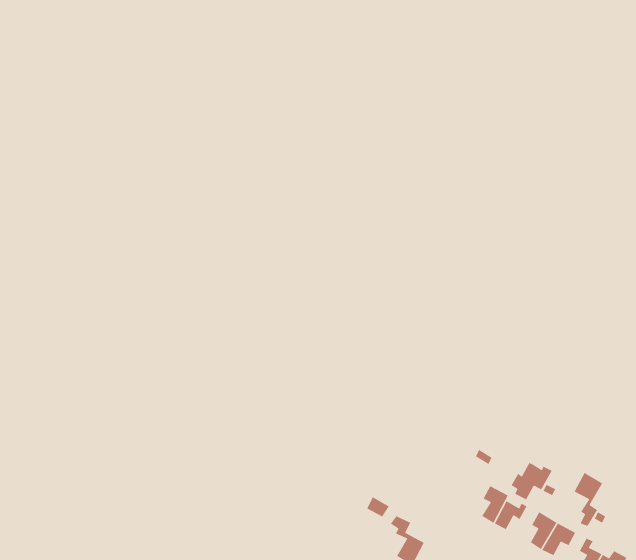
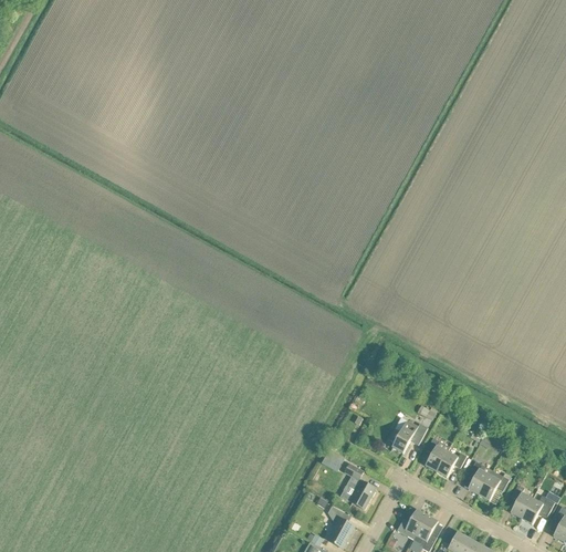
building: [510,462,553,500] -> [389,419,427,454]
building: [573,472,603,527] -> none

